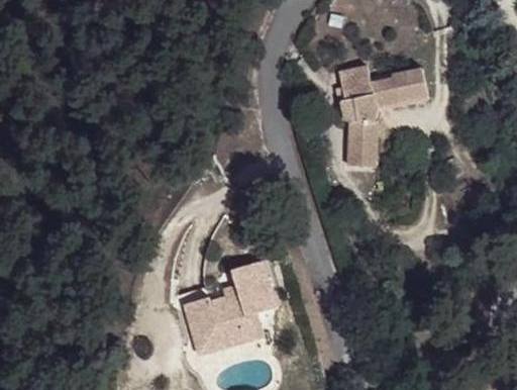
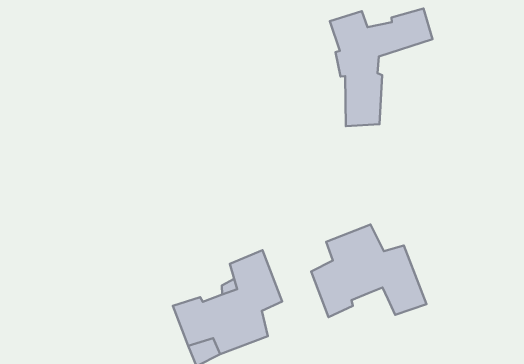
building: none -> [311,225,427,317]

